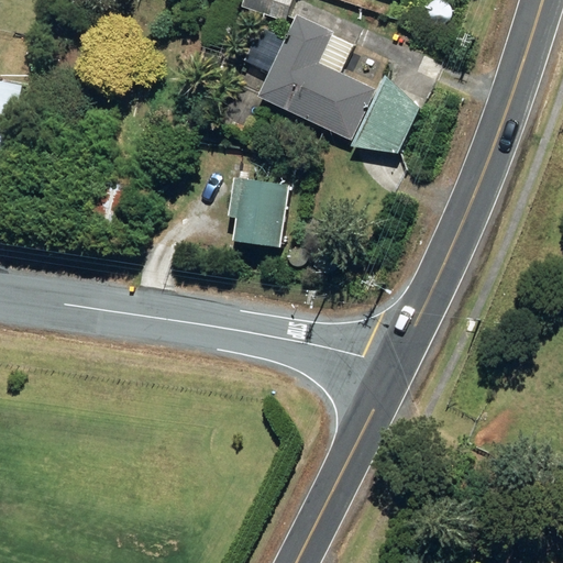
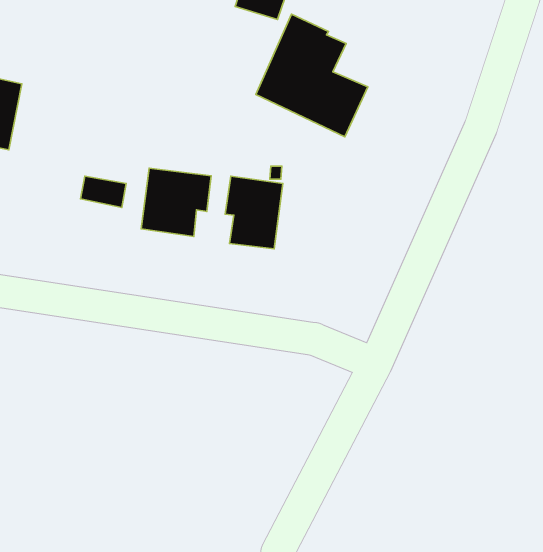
building: [351,75,417,152] -> none
building: none -> [141,168,211,236]

